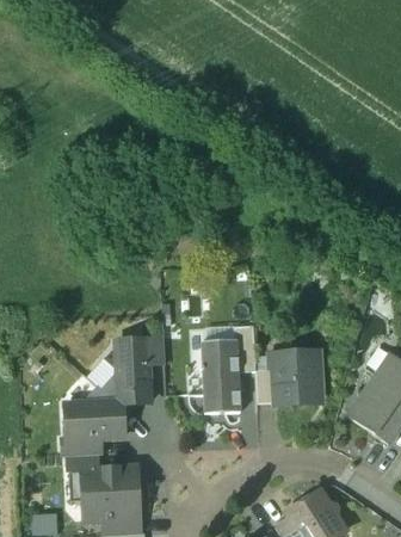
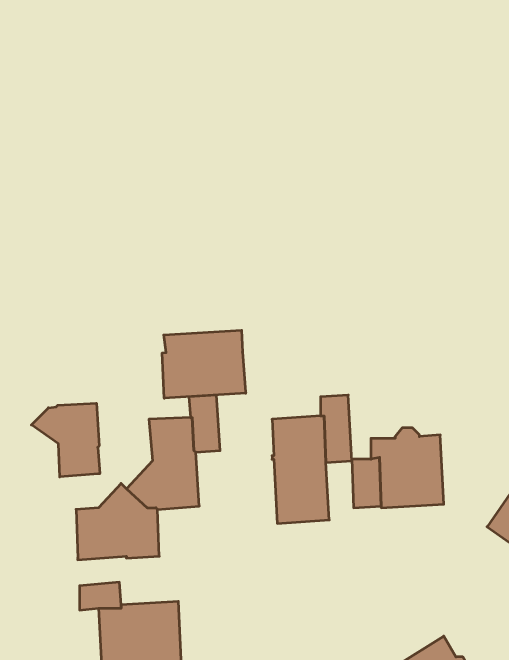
building: none -> [162,330,246,398]
building: none -> [31,403,100,477]
building: [62,437,101,457] -> none

